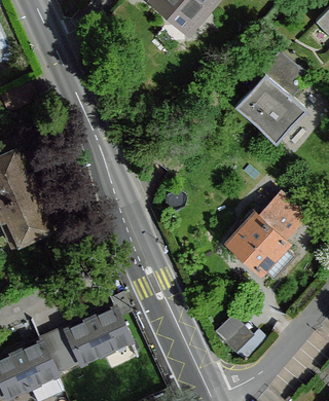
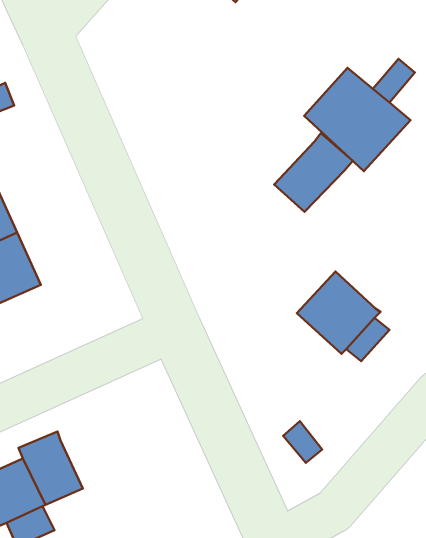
building: none -> [274,133,353,212]
building: [258,193,304,240] -> none
building: [66,308,130,363] -> none

